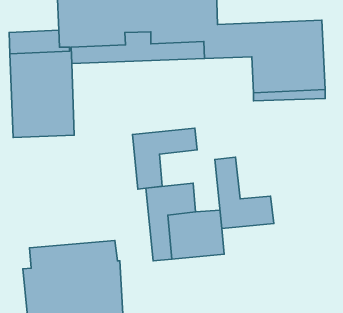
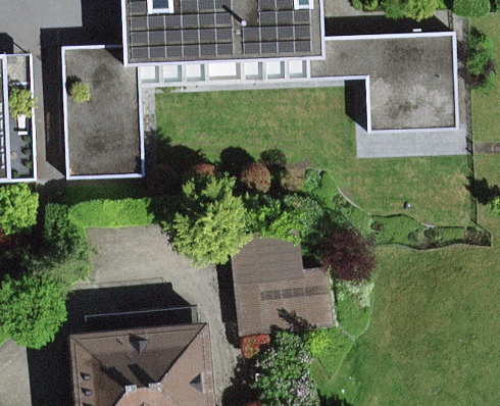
building: [133,128,197,189] -> none
building: [215,157,274,229] -> none

